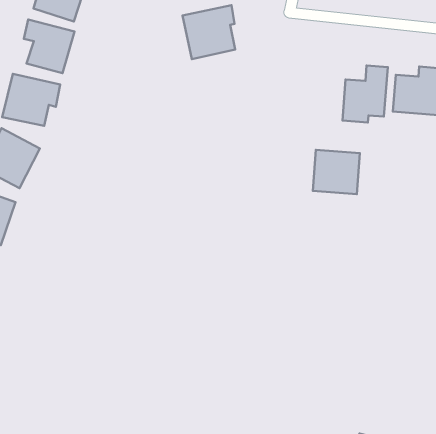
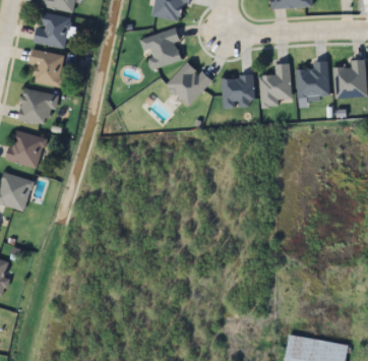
building: none -> [166,60,210,105]
building: [313,150,360,194] -> [223,75,254,105]

